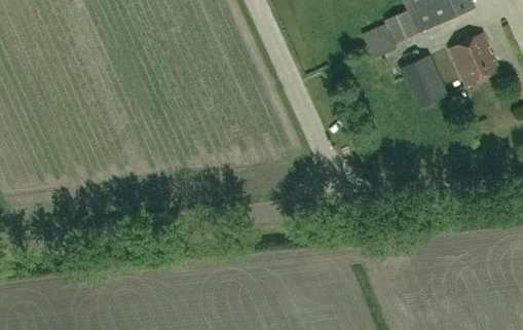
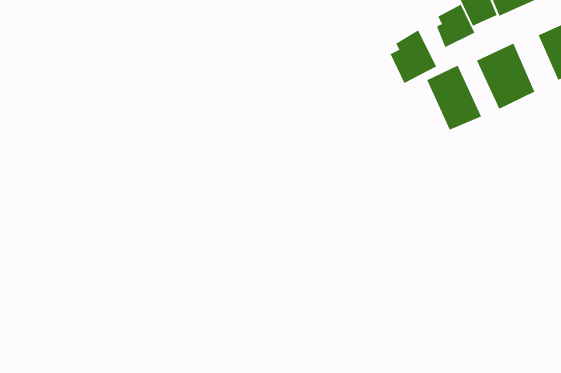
building: none -> [390,30,437,84]
building: none -> [426,65,482,131]

